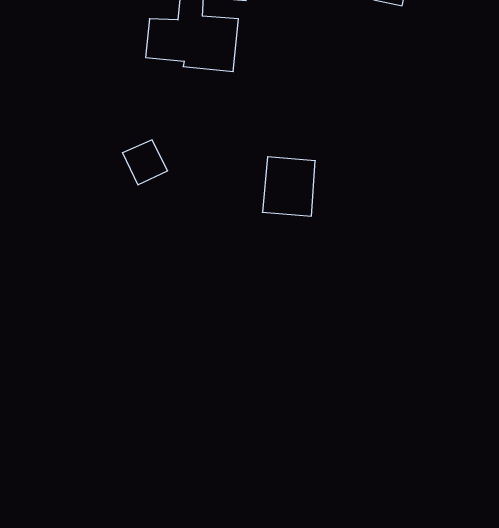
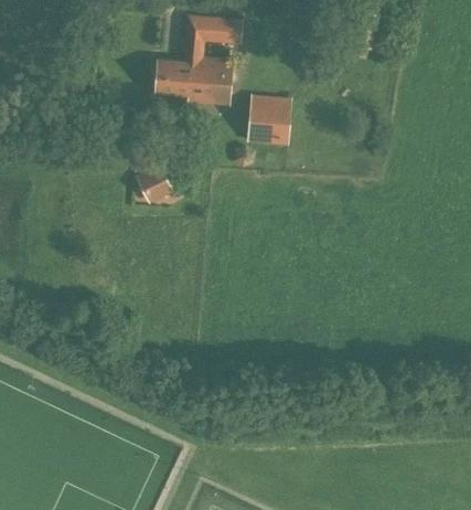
building: [262,157,315,216] -> [246,95,291,146]

